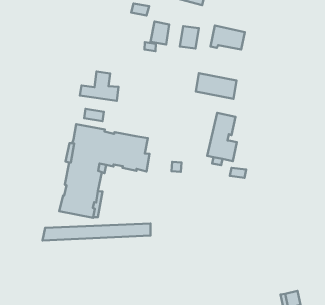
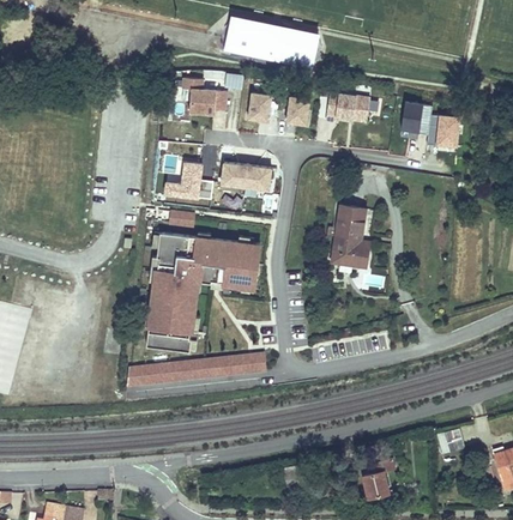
building: none -> [182,77,227,113]
building: none -> [398,101,430,134]
building: none -> [434,115,458,146]
building: [196,73,236,99] -> [219,165,271,195]

